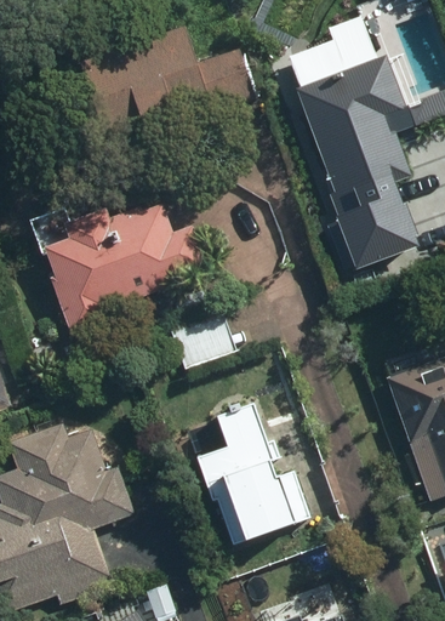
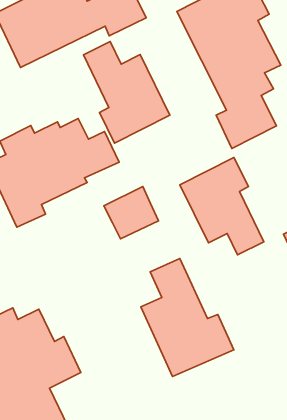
building: none -> [83,42,170,143]
building: none -> [180,157,264,255]

